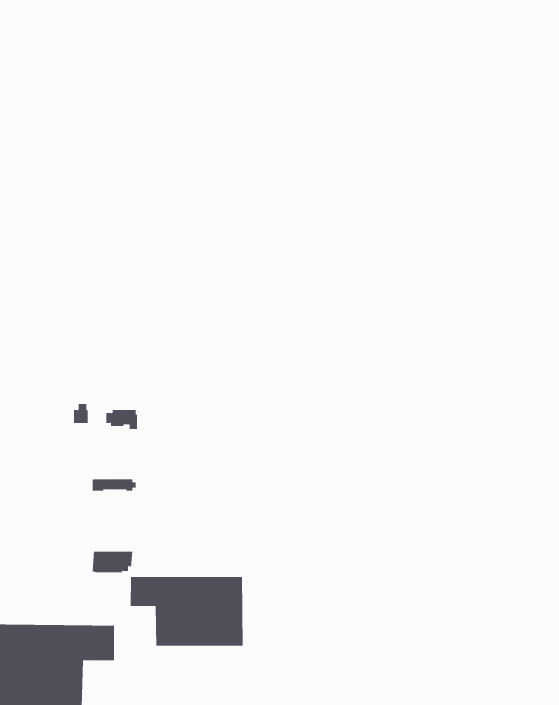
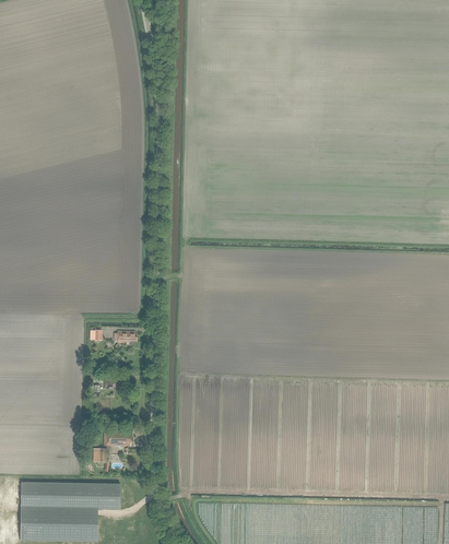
building: [130,576,243,646] -> none

